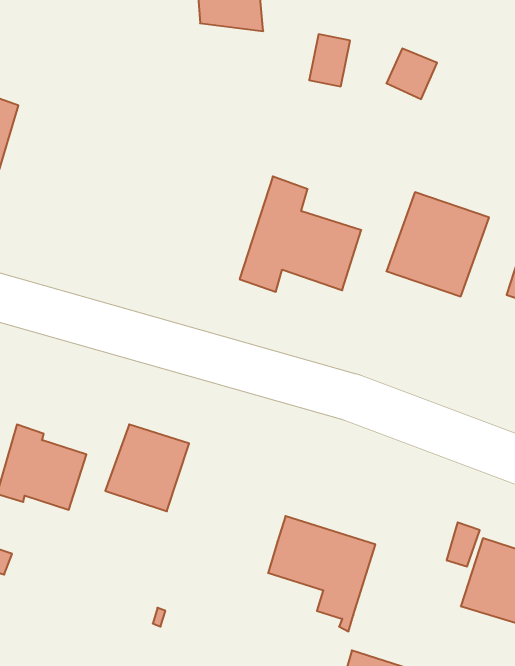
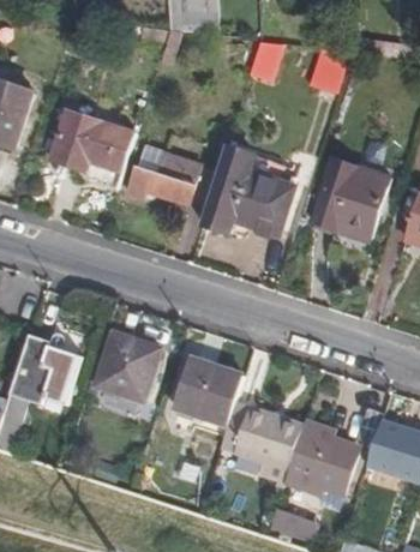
building: none -> [50,110,134,187]
building: none -> [128,144,202,202]
building: none -> [173,356,244,422]
building: none -> [286,419,355,491]

